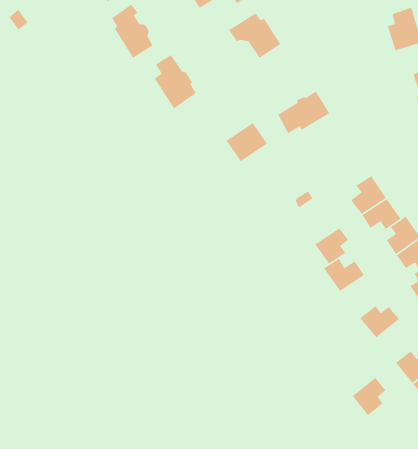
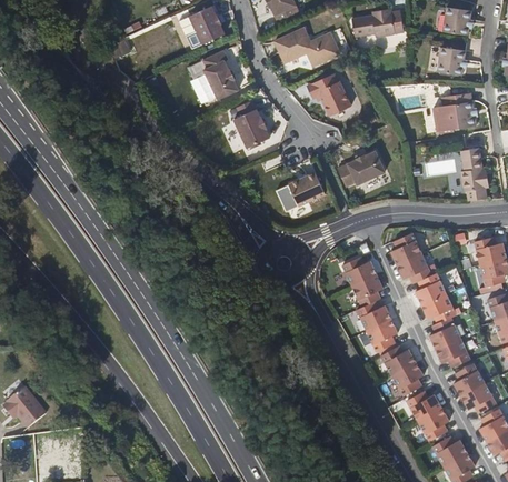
building: none -> [342,257,376,285]
building: none -> [367,320,398,352]
building: [352,377,386,416] -> [392,363,424,396]

